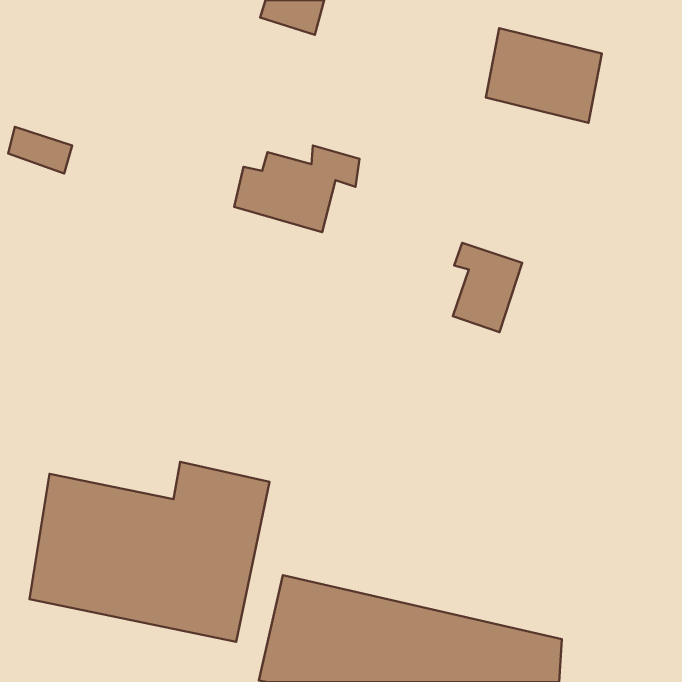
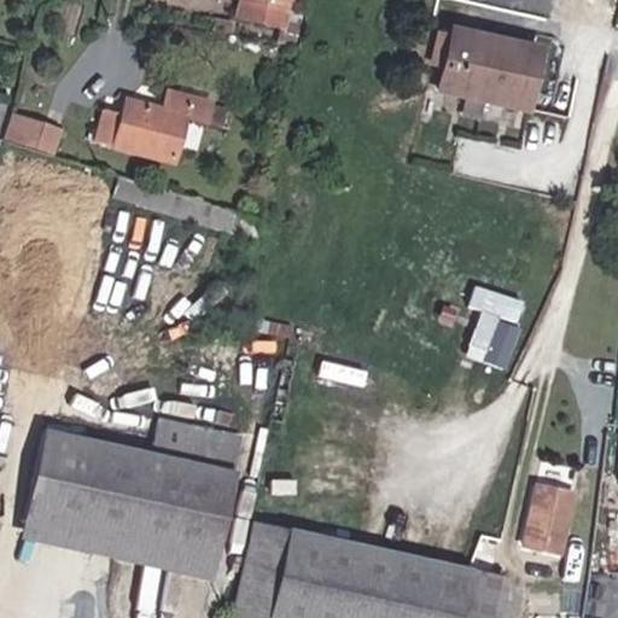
building: [234,146,360,232] -> [97,88,210,167]
building: [453,243,522,332] -> [462,284,525,365]
building: none -> [524,482,582,555]

